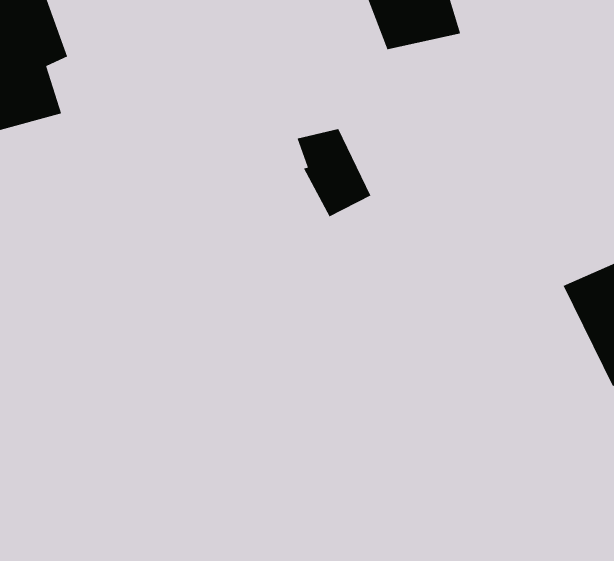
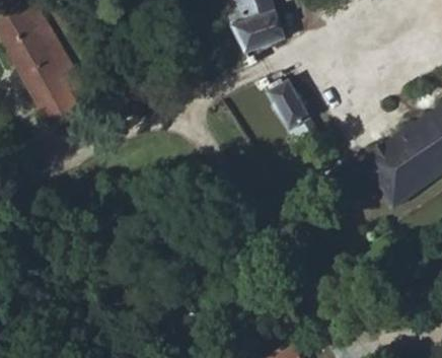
building: [296,128,372,217] -> [267,78,311,126]

